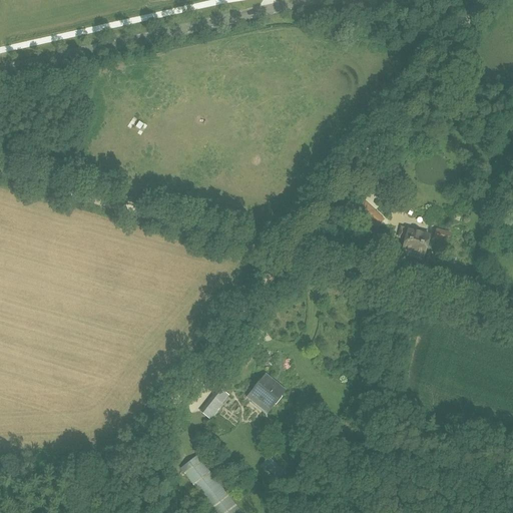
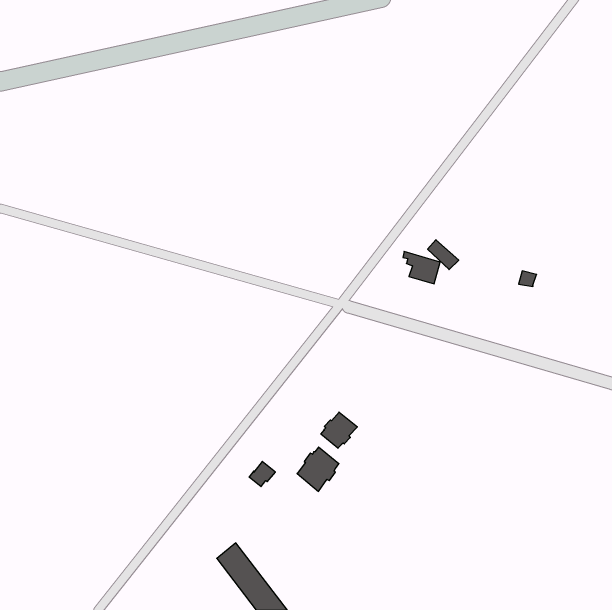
building: [398,225,429,252] -> [403,251,440,284]
building: none -> [321,412,357,448]

